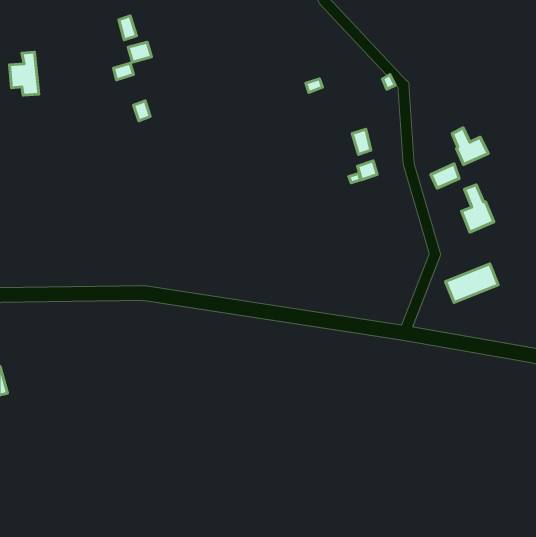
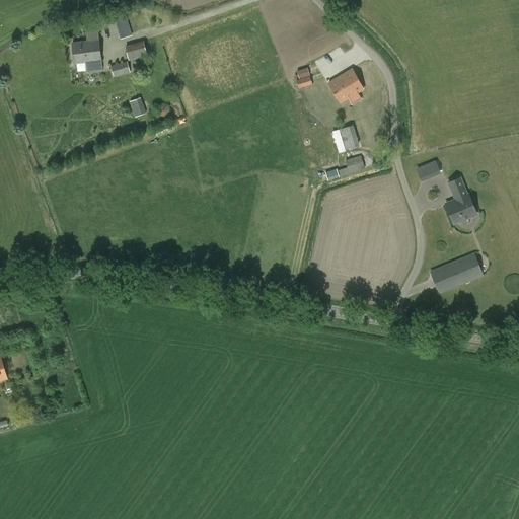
building: [9,52,39,95] -> [72,29,100,71]
building: none -> [327,69,363,103]
building: [452,128,488,164] -> none

